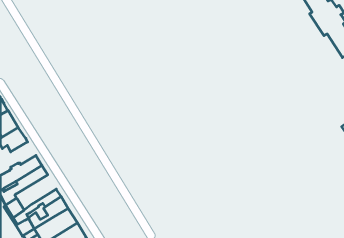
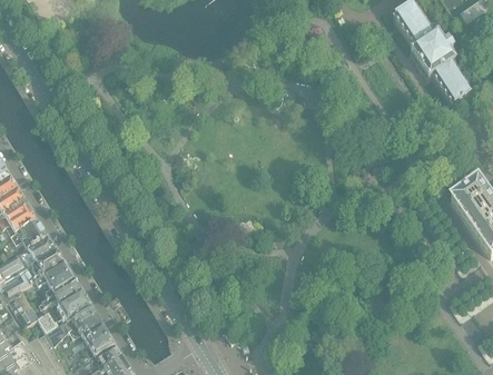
building: none -> [12,217,48,247]
building: none -> [21,260,75,296]

